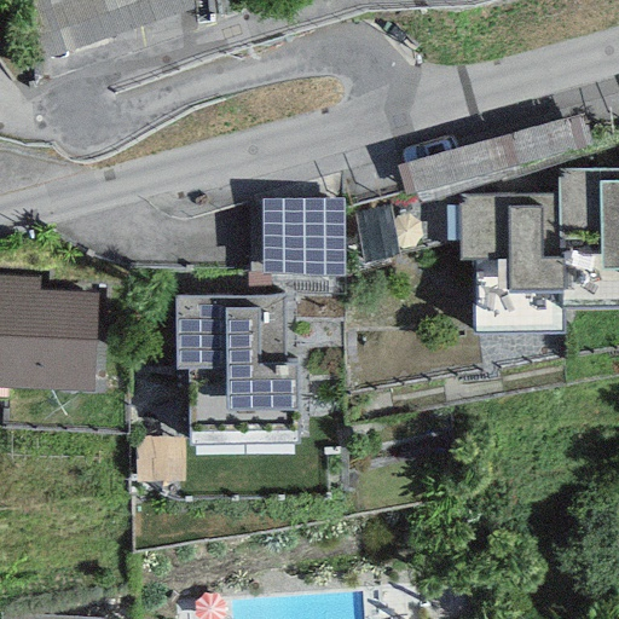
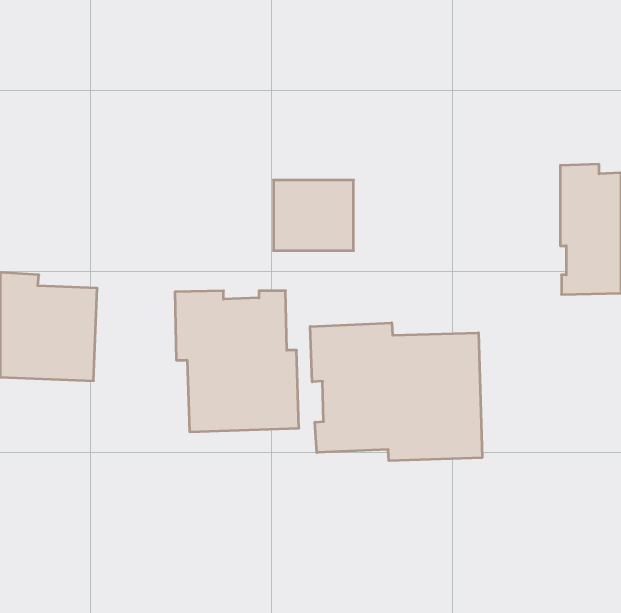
building: [457,197,563,326] -> none
building: none -> [310,323,482,461]

